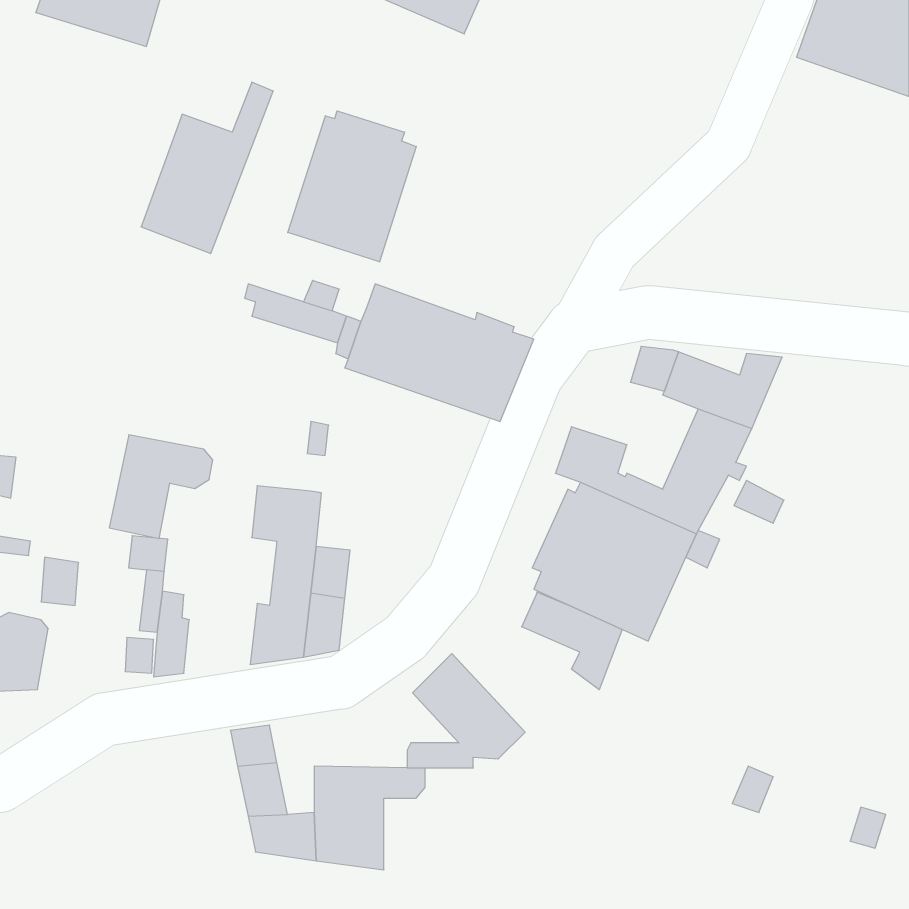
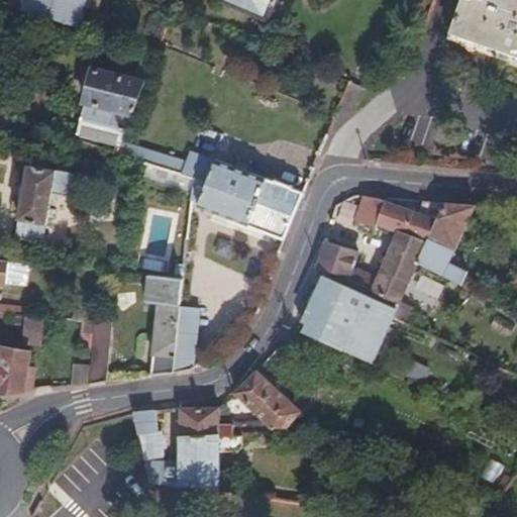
building: [288,111,416,262] -> none
building: none -> [416,202,473,282]
building: [109,435,213,538] -> [16,164,75,222]
building: [522,592,622,690] -> none
building: none -> [178,407,230,434]

